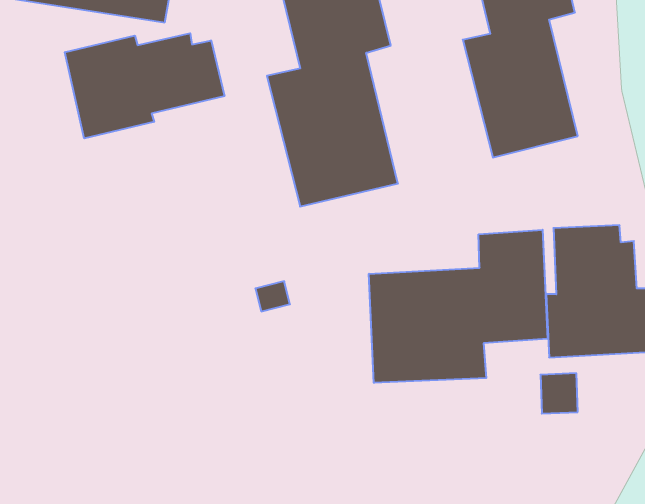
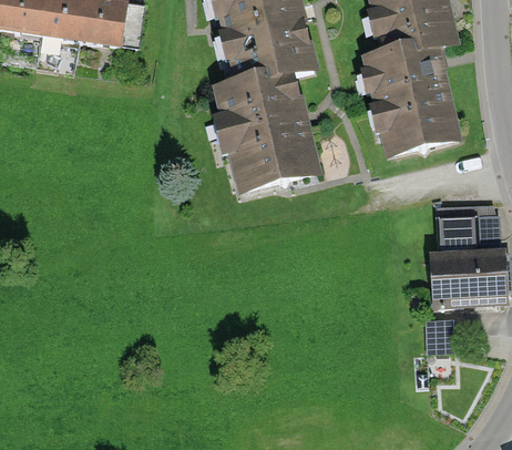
building: [65,33,224,138] -> none
building: [369,230,548,383] -> none

